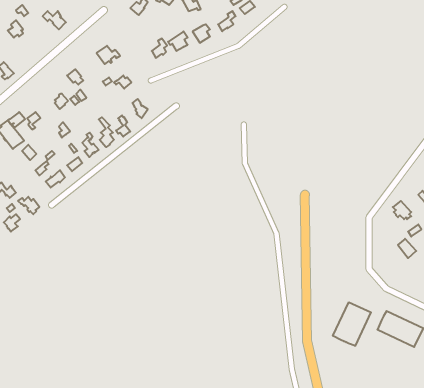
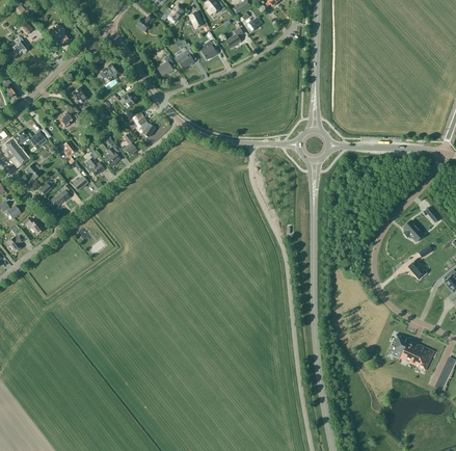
building: [333,302,371,346] -> none

